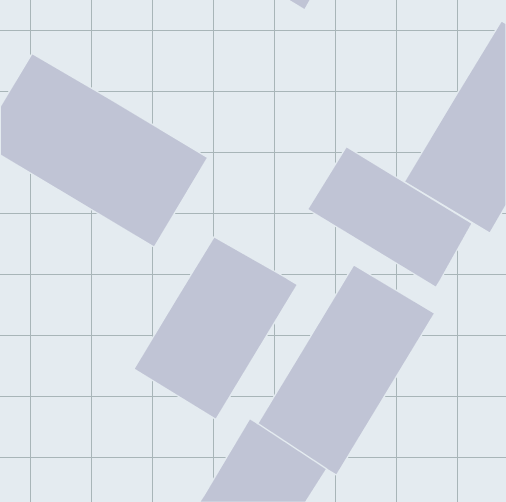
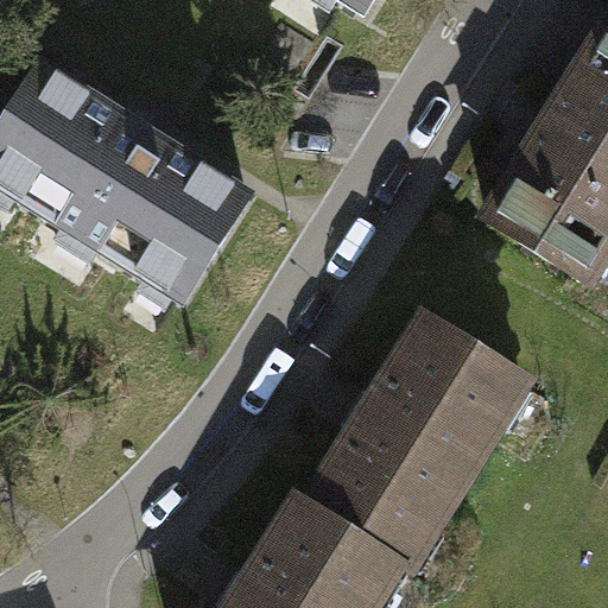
building: [308,147,472,287] -> none
building: [134,237,298,420] -> none

